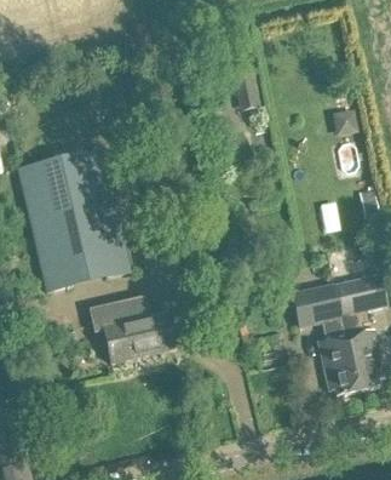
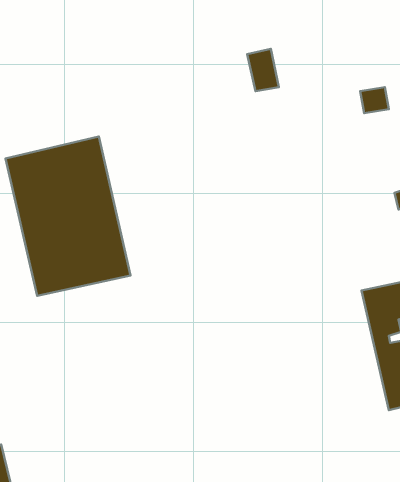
building: [292,284,358,395] -> none
building: [90,301,173,361] -> none

